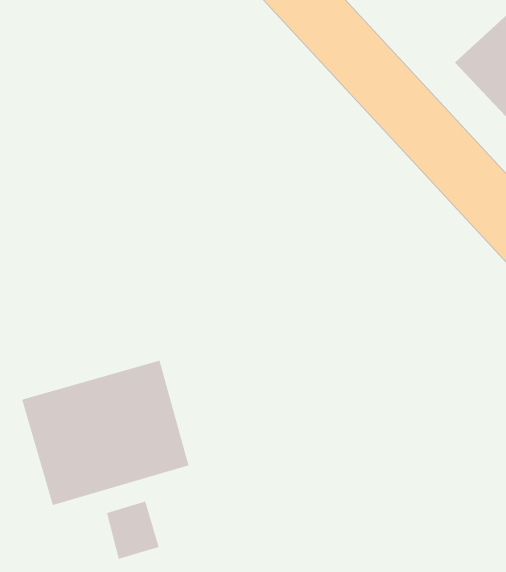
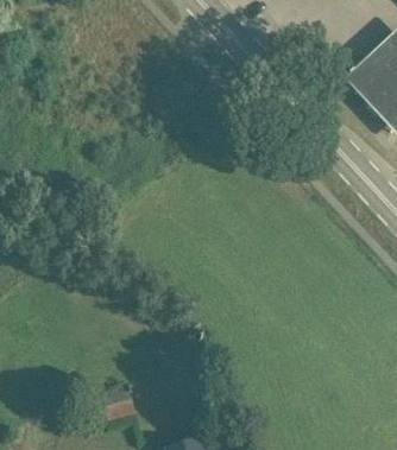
building: [21,360,189,506] -> none

